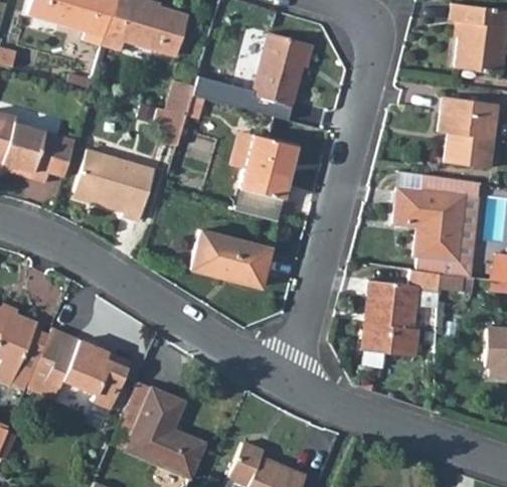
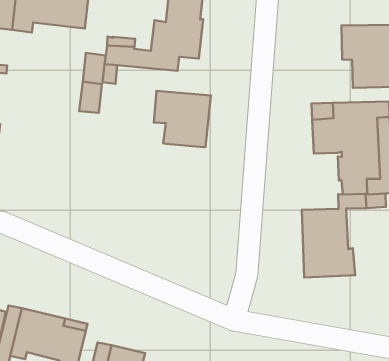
building: [75,151,154,221] -> none
building: [236,188,281,220] -> none
building: [191,229,271,287] -> none

